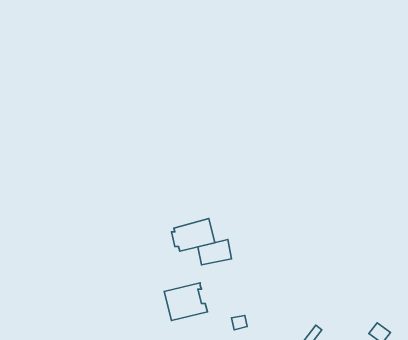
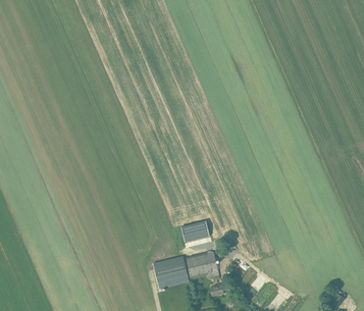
building: [171,219,215,251] -> [181,251,218,278]

